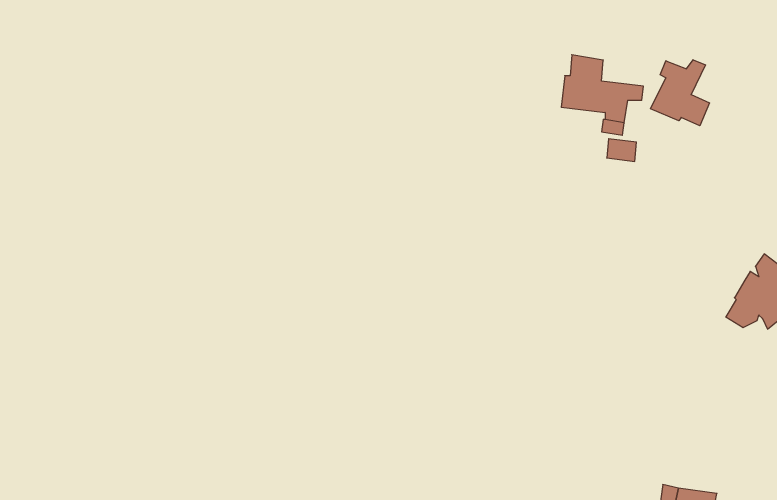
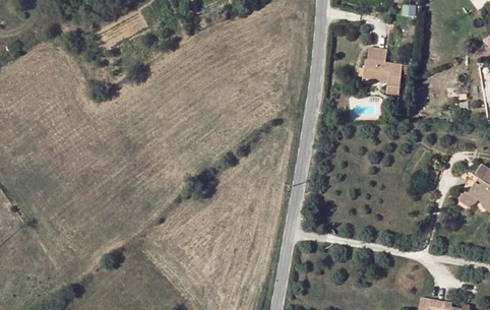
building: [651,60,710,126] -> none

